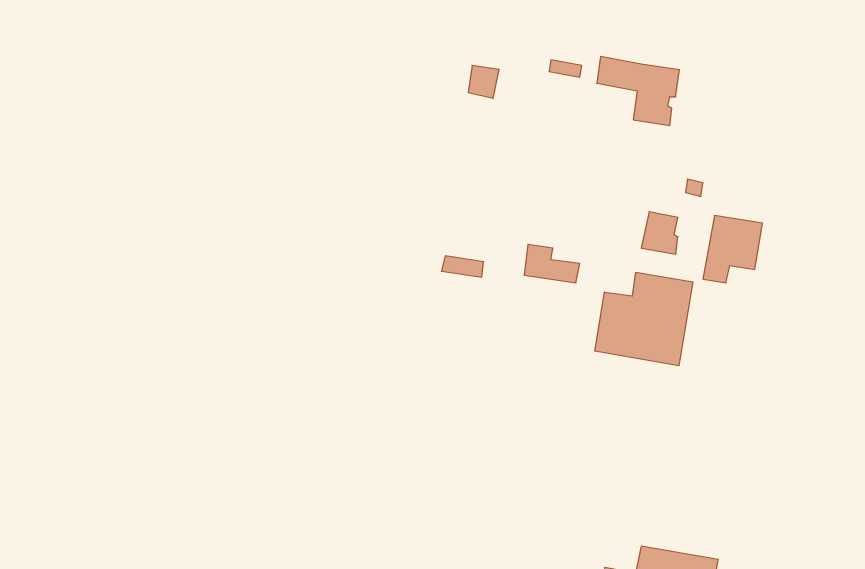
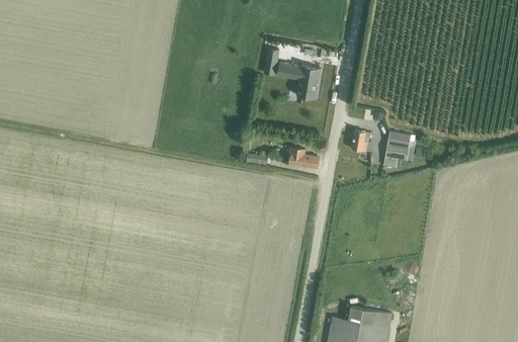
building: [597,56,679,126] -> [277,62,321,98]
building: [595,272,693,366] -> none

